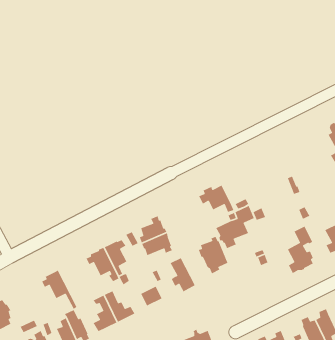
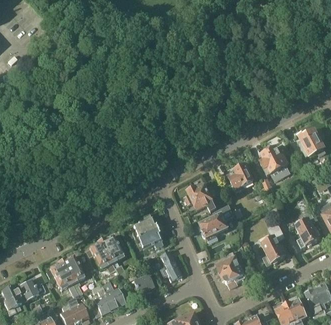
building: none -> [260,145,288,181]
building: none -> [228,165,253,191]
building: [198,236,228,274] -> [217,254,244,288]
building: none -> [61,254,84,294]
building: none -> [18,275,45,300]

